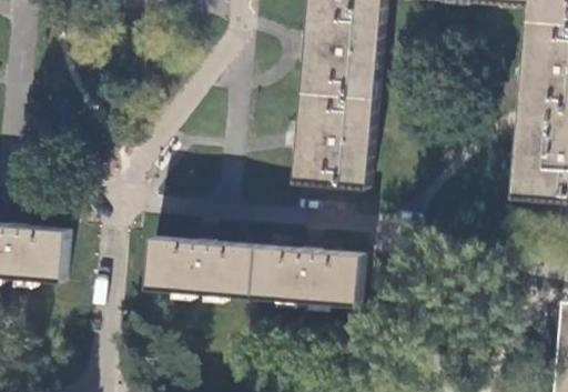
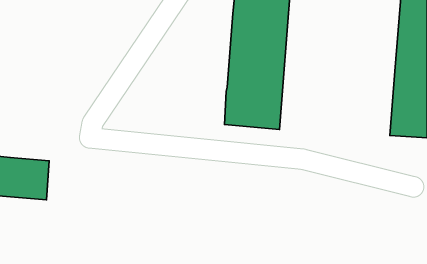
building: [145,235,361,304] -> none

